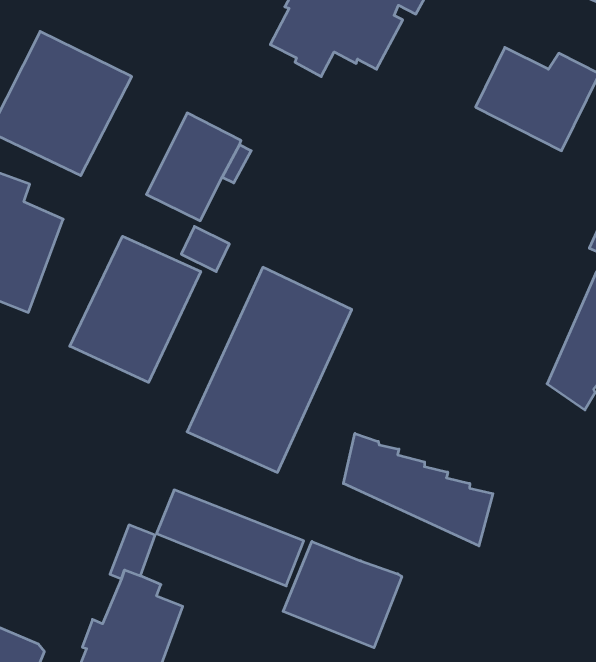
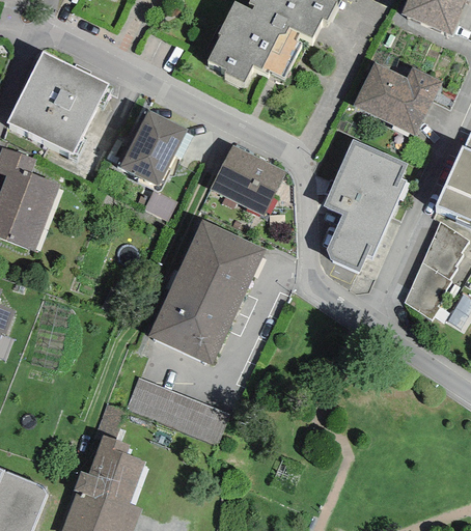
building: none -> [323,138,407,272]
building: none -> [209,145,284,216]
building: [70,236,201,382] -> none
building: [343,433,493,546] -> none
building: [283,541,402,648] -> none

